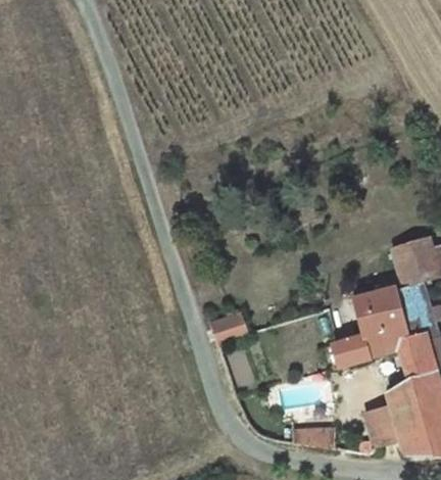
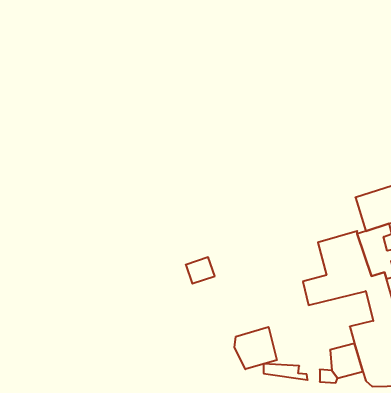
building: none -> [234,327,277,369]

